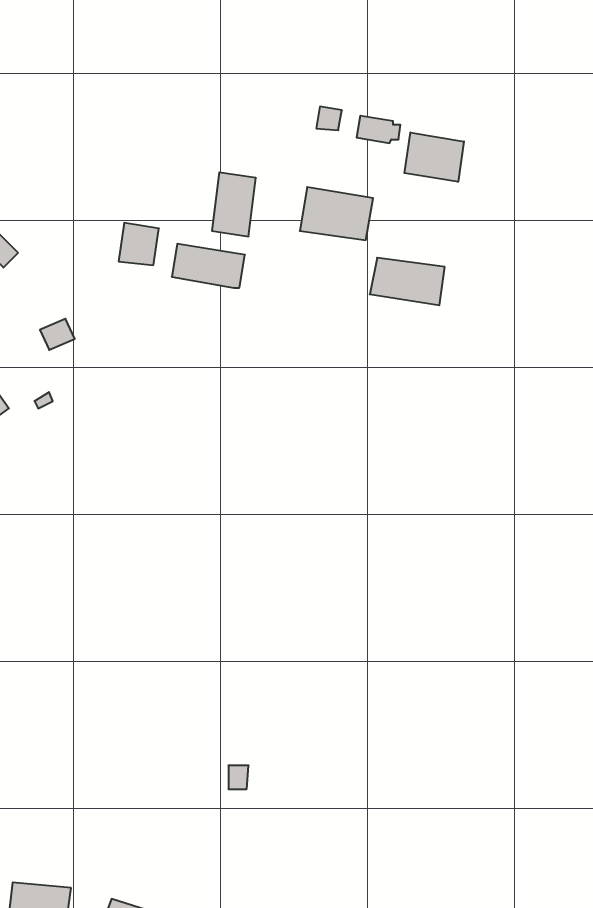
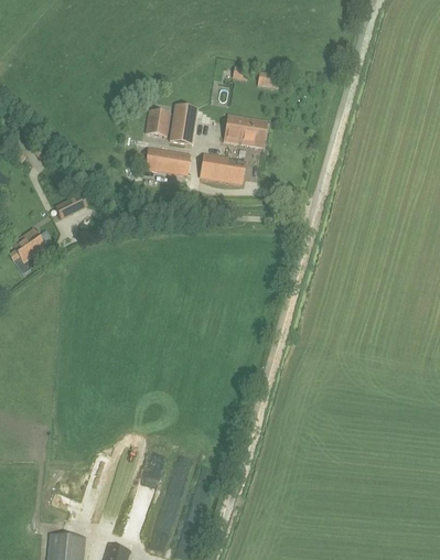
building: [404,132,464,182] -> none
building: [119,223,159,265] -> [146,110,170,136]
building: [370,258,445,305] -> [200,154,245,183]

